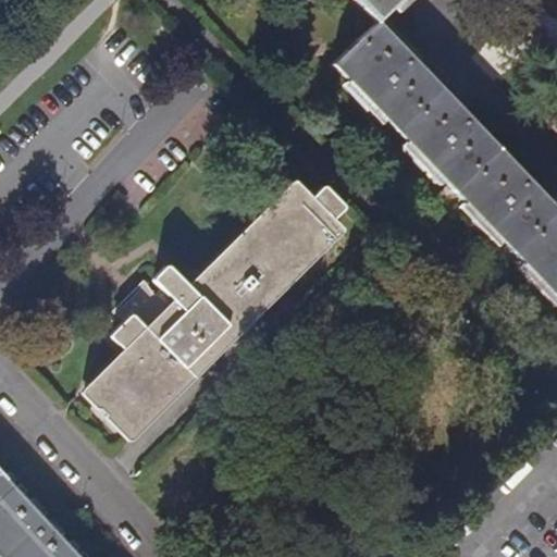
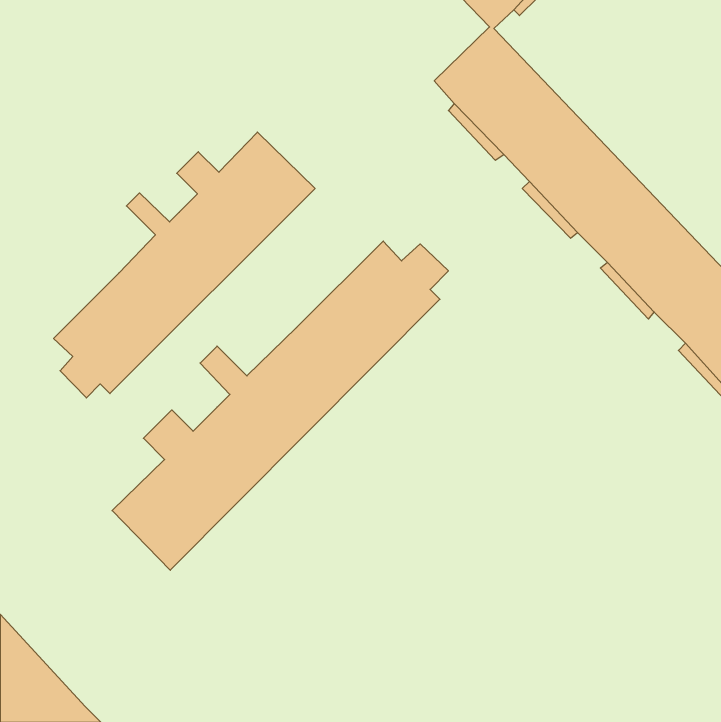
building: none -> [54,132,315,398]
building: [117,282,170,331] -> none

